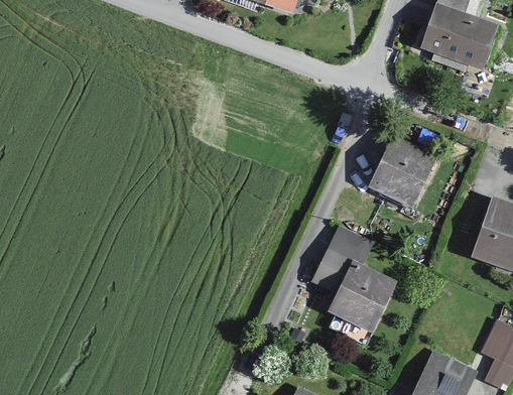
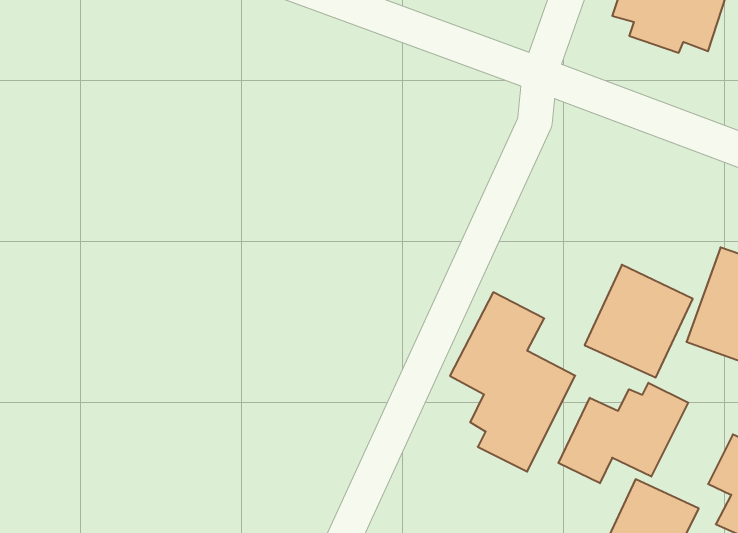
building: [368,136,438,210] -> [585,265,693,378]
building: none -> [558,383,688,483]

